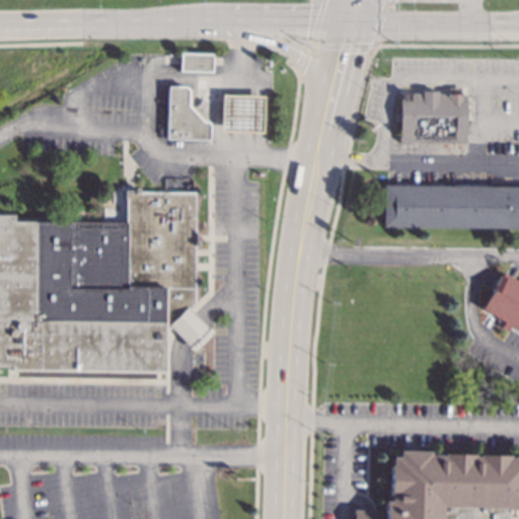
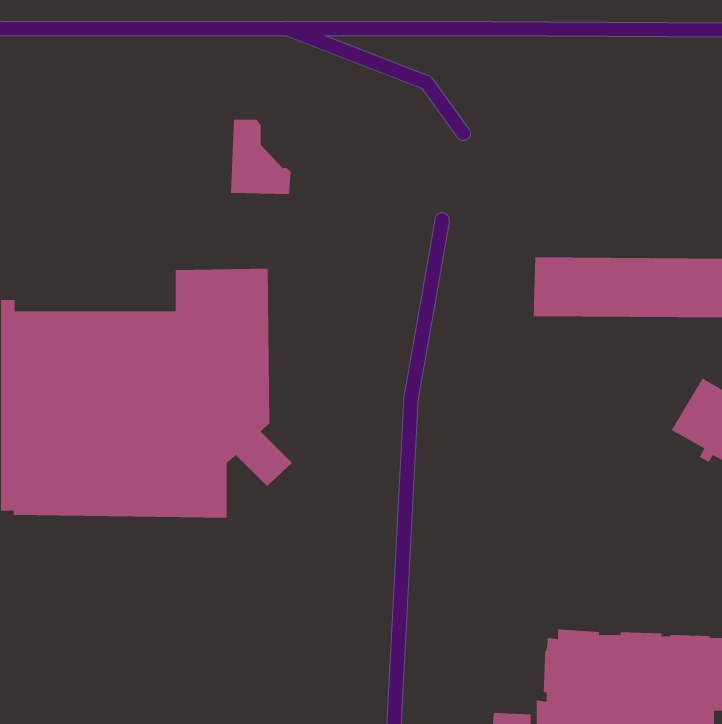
building: [181,54,213,72] -> none
building: [400,90,467,144] -> none
building: [222,94,265,133] -> none

